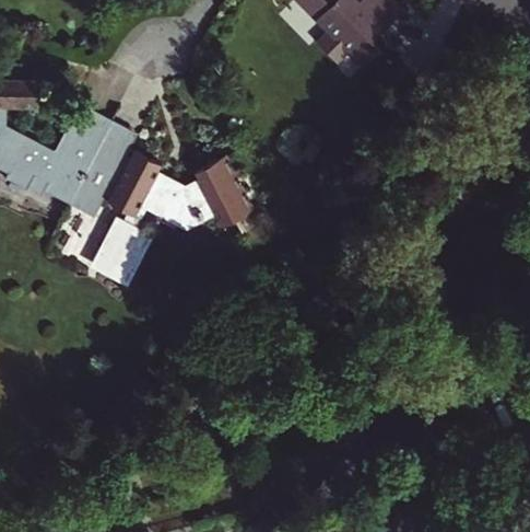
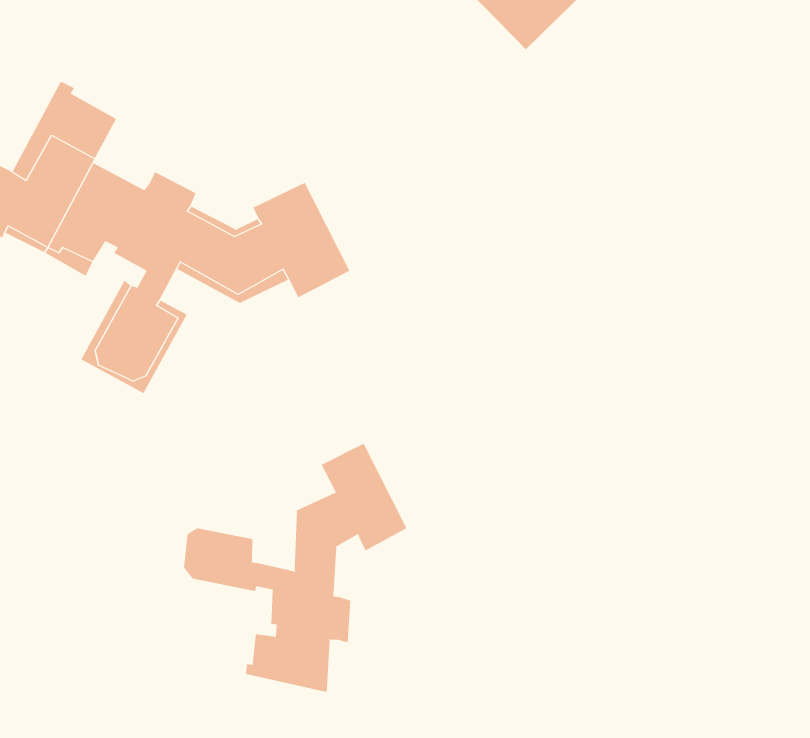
building: [94,120,136,163] -> none
building: none -> [184,443,407,693]

